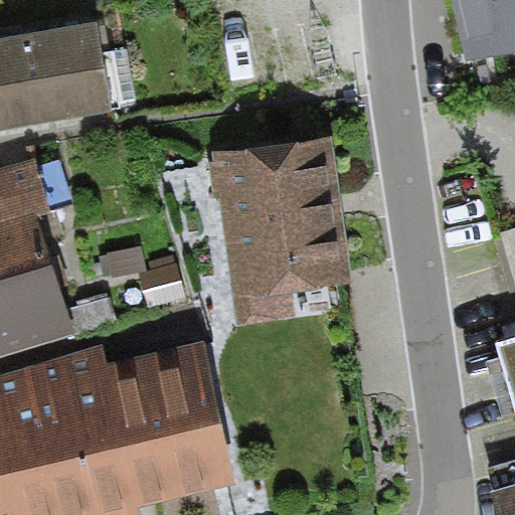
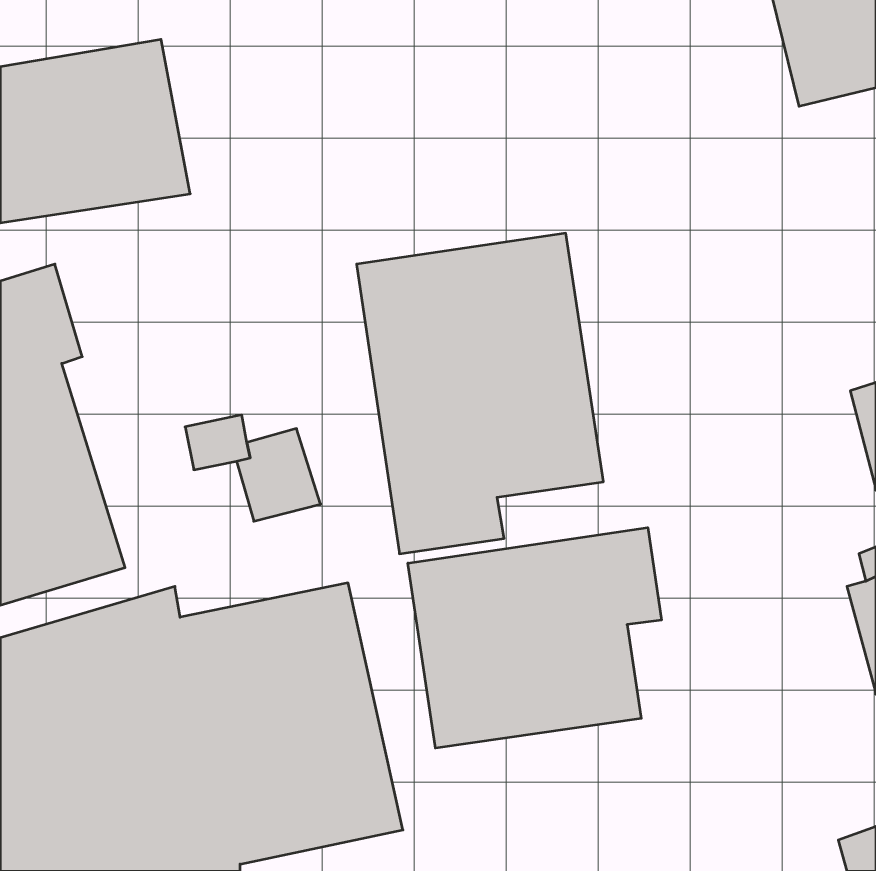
building: none -> [408,528,661,748]

